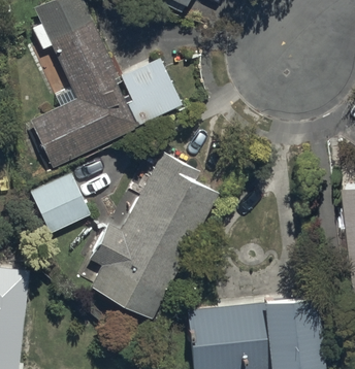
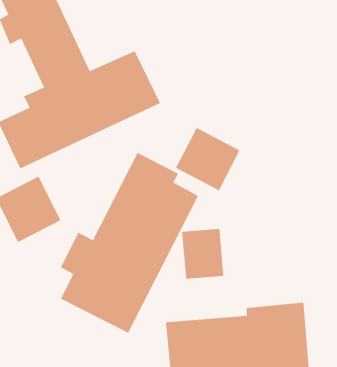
building: none -> [175,127,240,191]
building: none -> [181,228,224,279]

